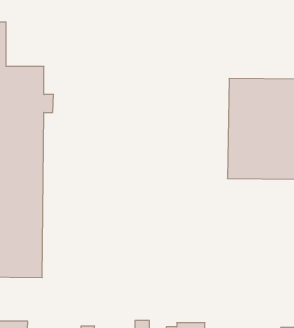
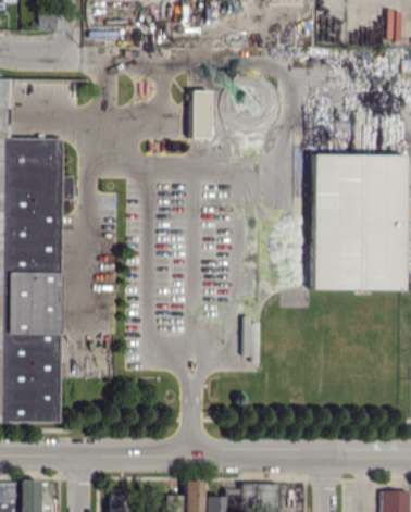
building: none -> [190,90,211,138]

